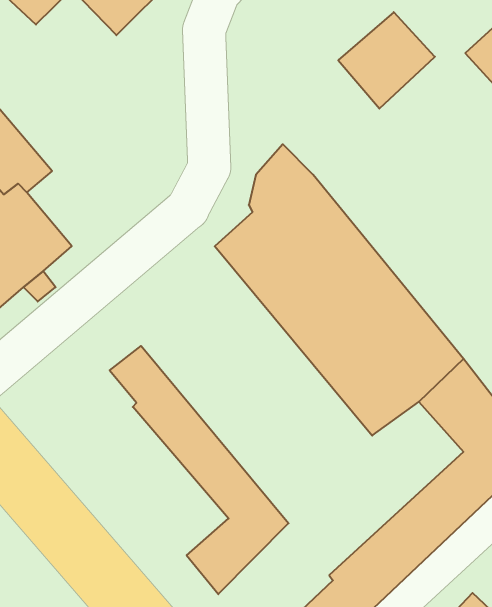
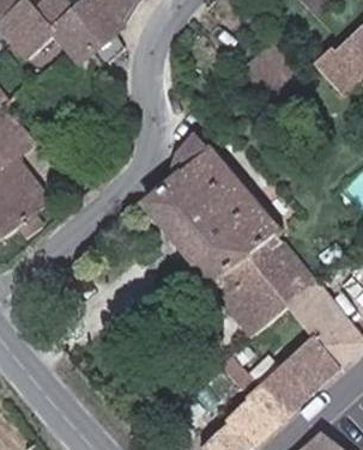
building: [110,346,289,594] -> none

